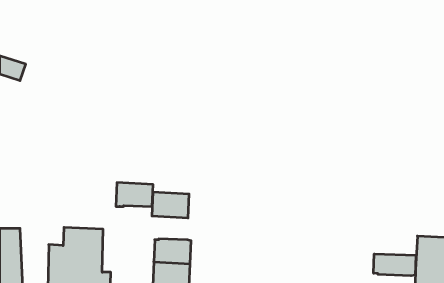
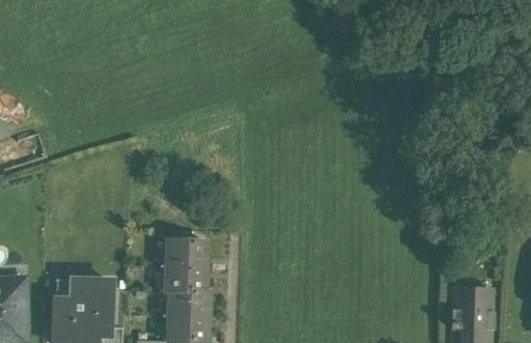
building: [116,183,153,206] -> [165,264,205,290]
building: [374,254,416,276] -> none

